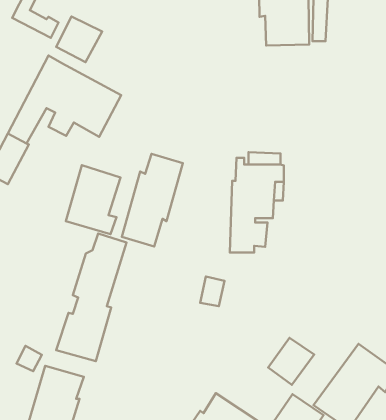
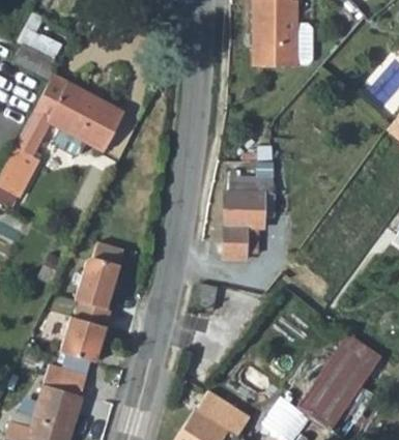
building: [56,16,102,62] -> none
building: [122,154,183,246] -> none
building: [66,165,121,234] -> none
building: [268,338,314,385] -> none

